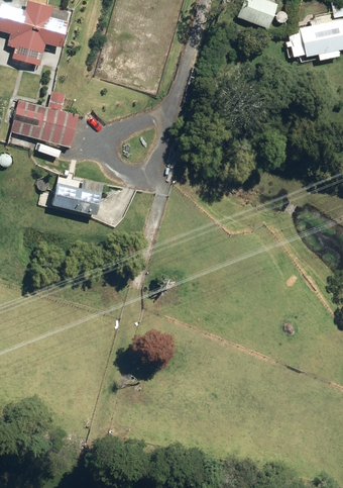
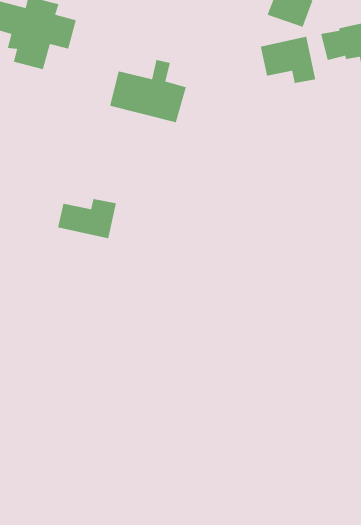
building: none -> [260,36,316,84]
building: [10,90,79,147] -> [109,59,187,123]

